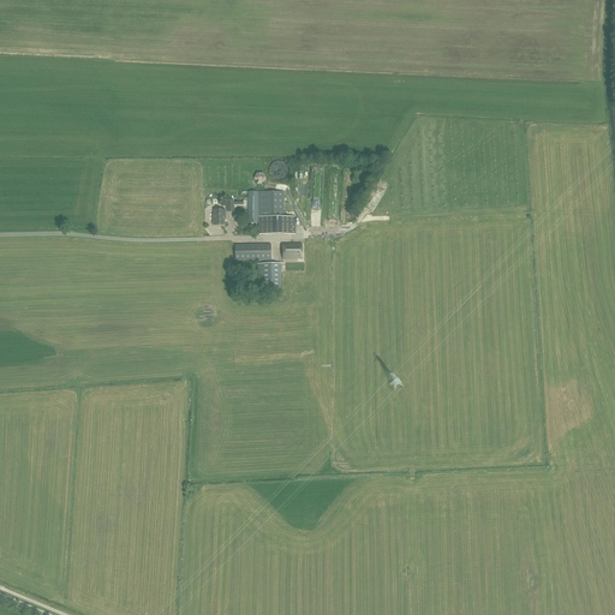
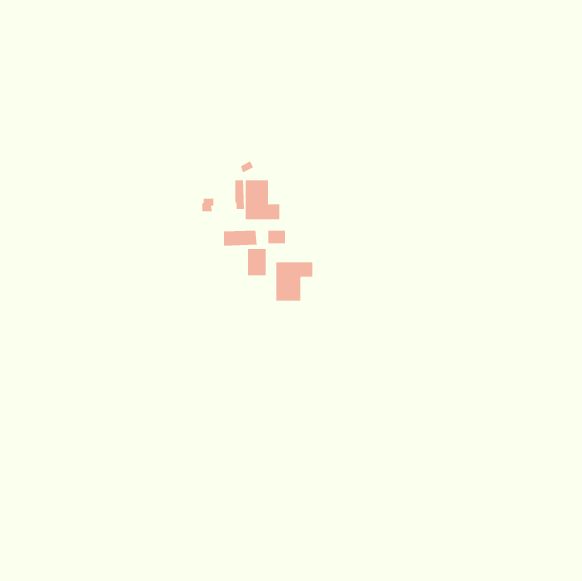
building: none -> [276,262,313,302]

